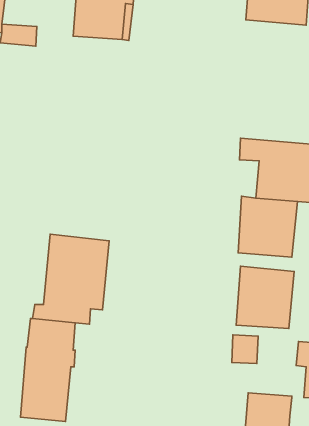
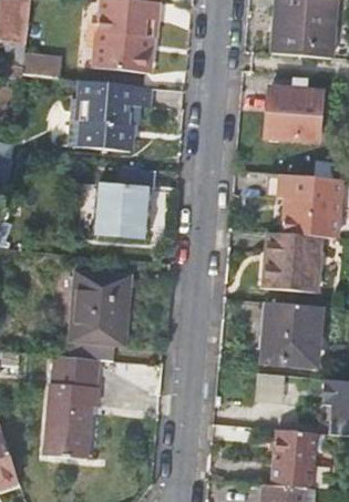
building: none -> [264,79,321,142]
building: none -> [69,81,151,148]
building: none -> [96,167,156,237]

